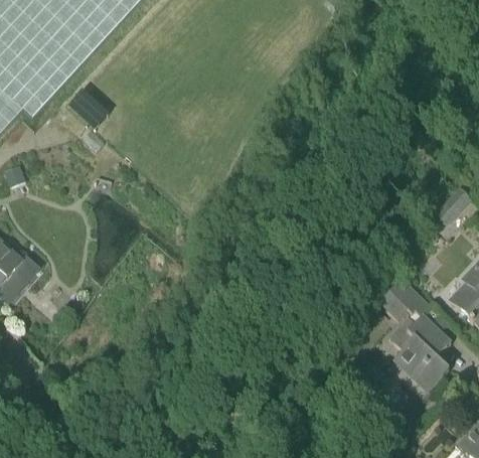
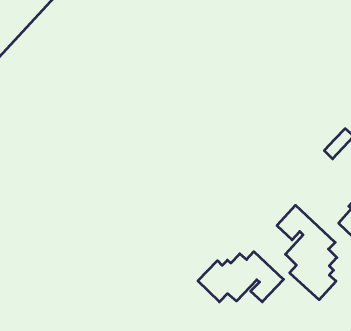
building: none -> [198,252,284,302]

